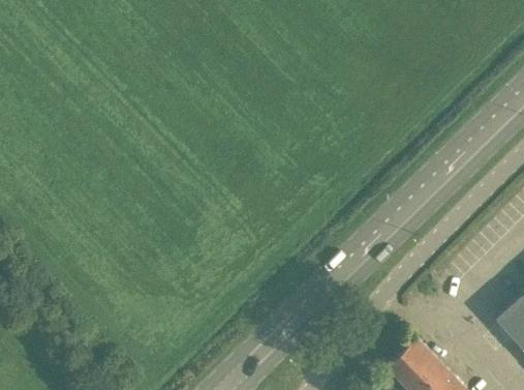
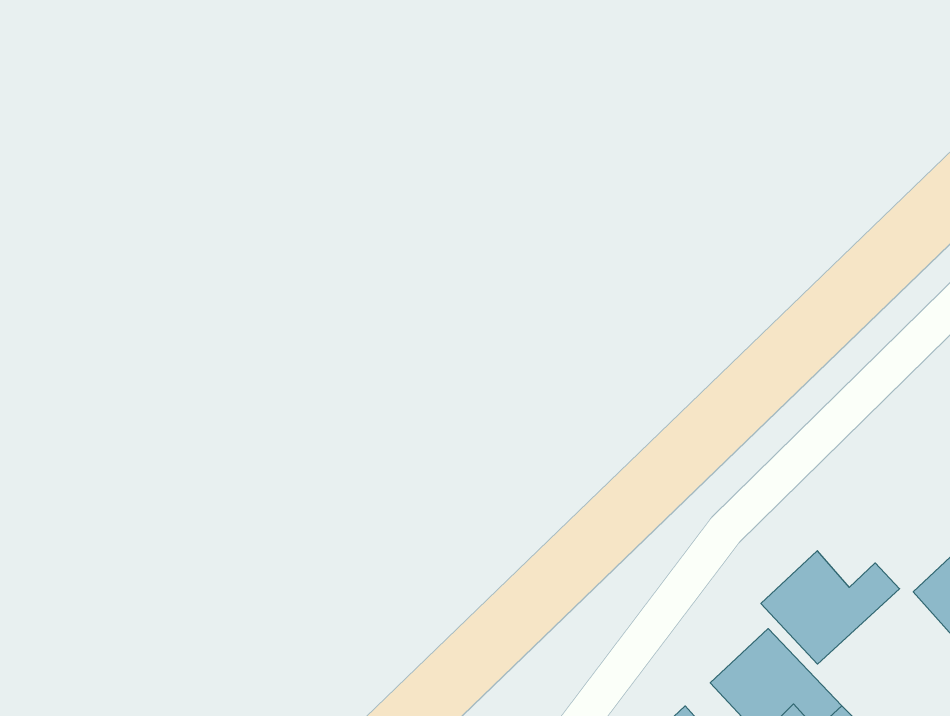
building: none -> [761,551,900,664]

